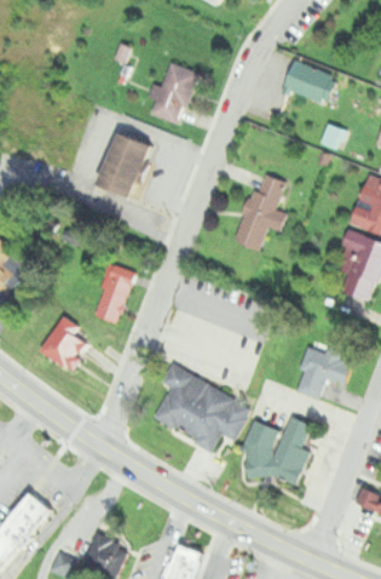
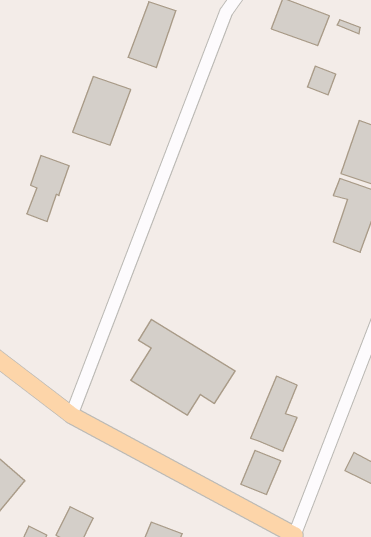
building: [237,173,289,251] -> none
building: [94,262,134,323] -> [27,156,69,221]
building: [44,325,86,371] -> none
building: [295,345,341,400] -> none
building: [239,420,277,462] -> [241,450,281,494]

